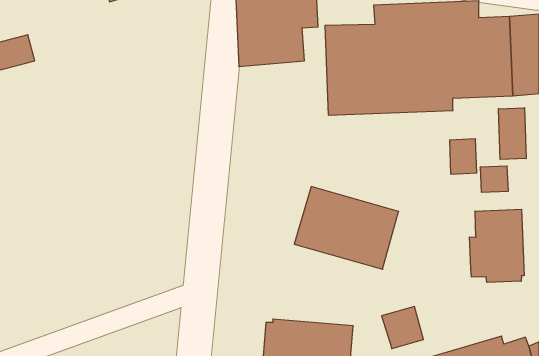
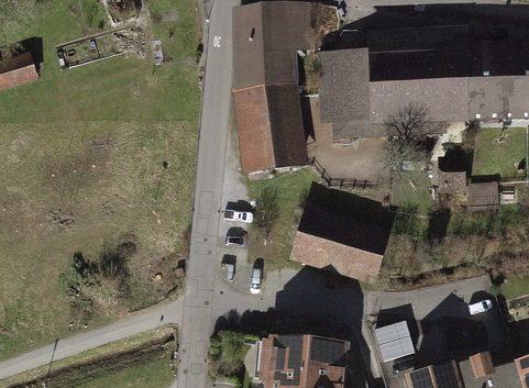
building: none -> [235,84,307,171]
building: [498,108,526,159] -> none
building: [469,209,524,282] -> none

